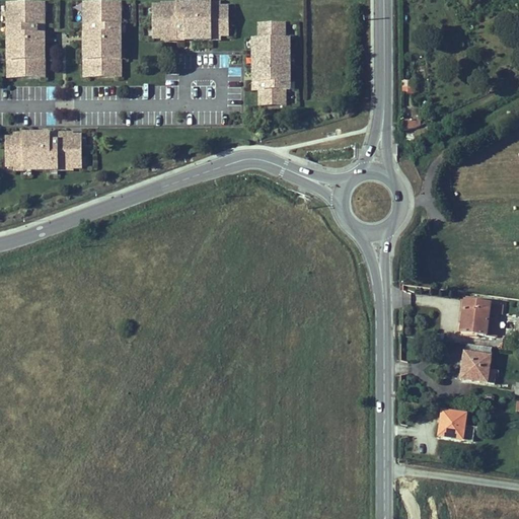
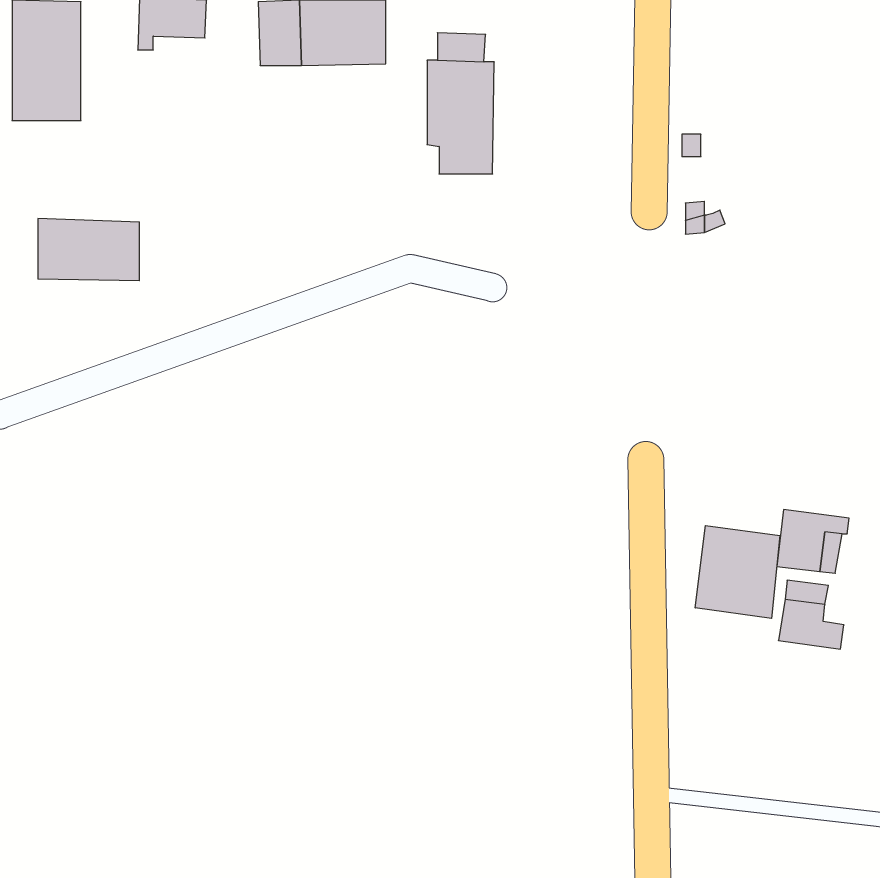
building: [81,21,121,77] -> none
building: [4,129,22,164] -> none
building: none -> [695,526,780,618]
building: [438,412,470,441] -> none

